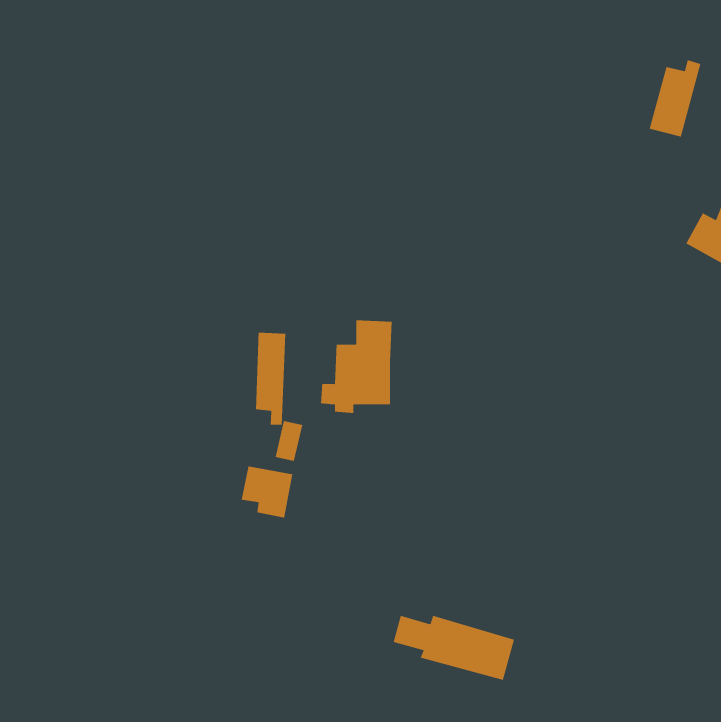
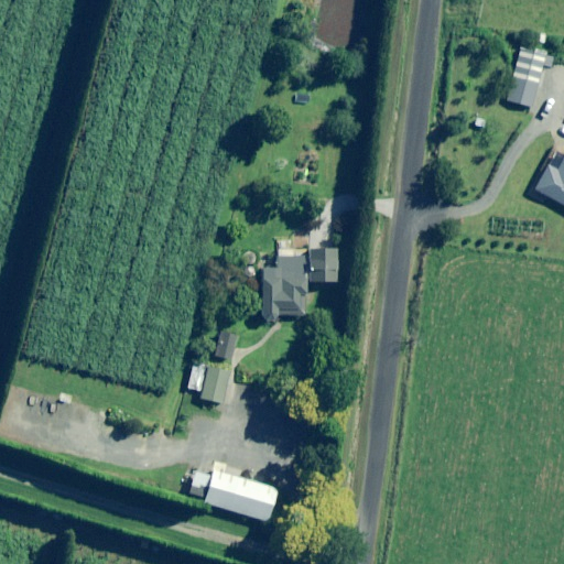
building: none -> [306,250,335,282]
building: [255,332,286,425] -> none
building: [393,615,515,680] -> [183,470,278,521]

